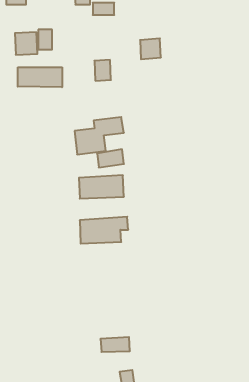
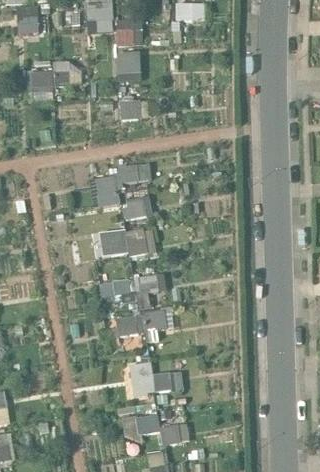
building: [140,38,161,59] -> [116,48,140,72]
building: [18,67,62,87] -> none
building: none -> [114,309,166,334]
building: none -> [129,361,182,393]
building: none -> [159,421,189,444]

